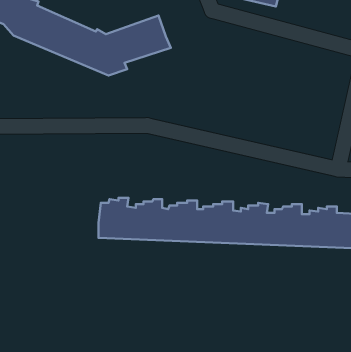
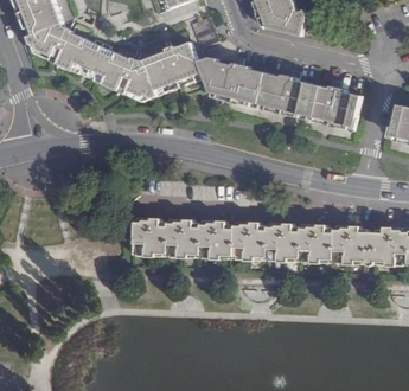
building: none -> [194,57,359,126]

